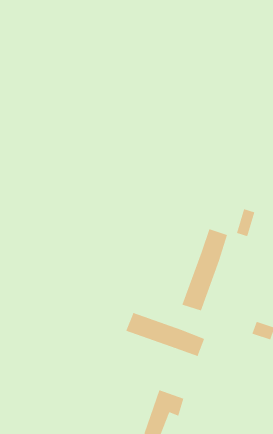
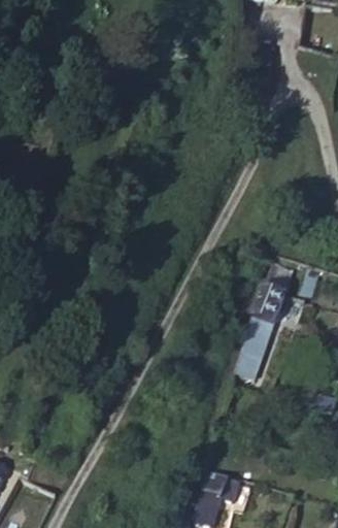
building: [126,312,205,357] -> none

